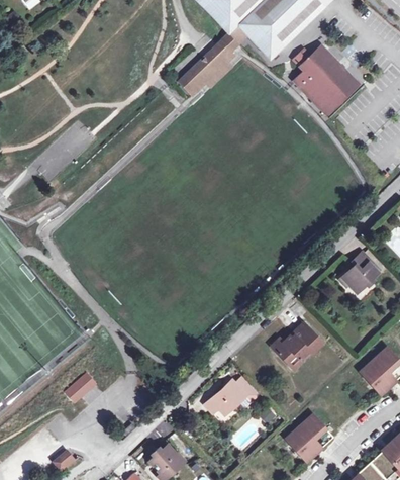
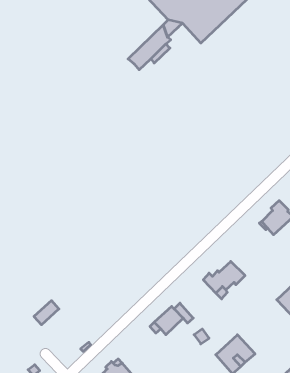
building: [294,45,357,113] -> none

